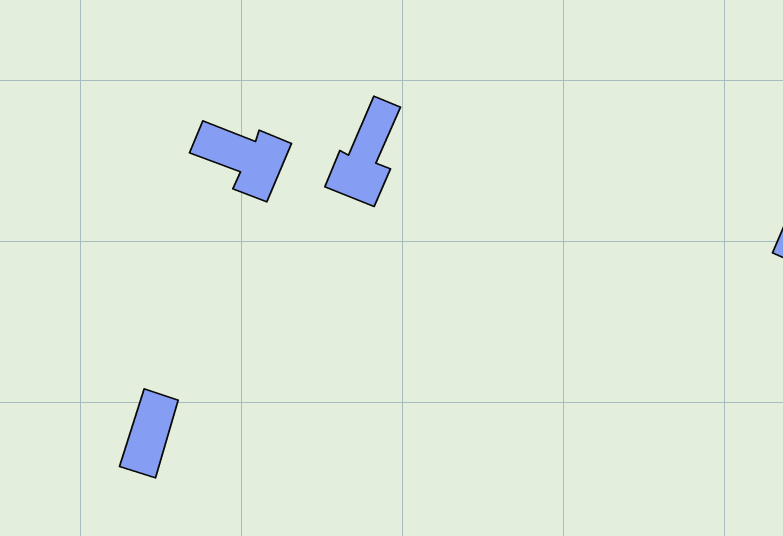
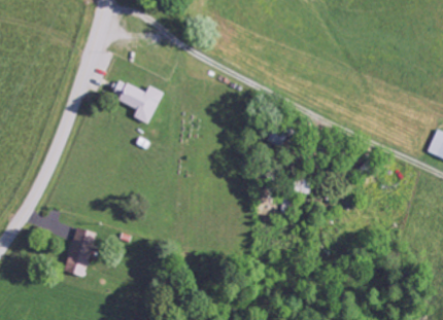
building: [325,96,401,207] -> none

